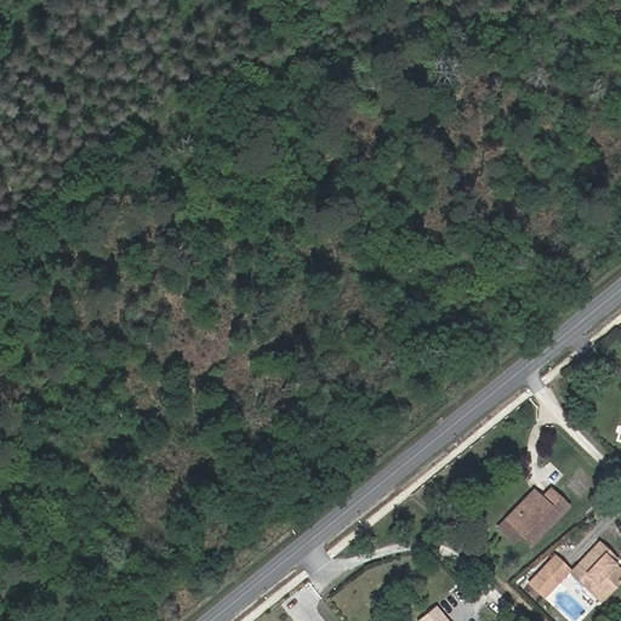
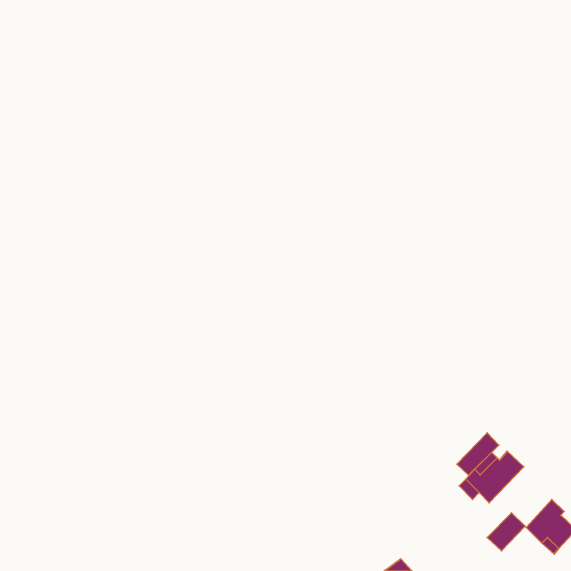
building: none -> [457,433,499,475]

